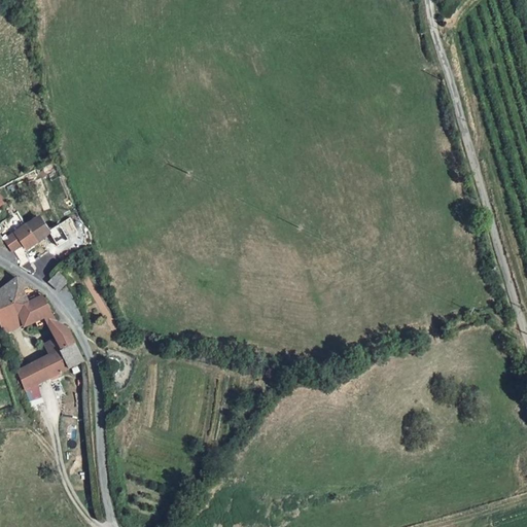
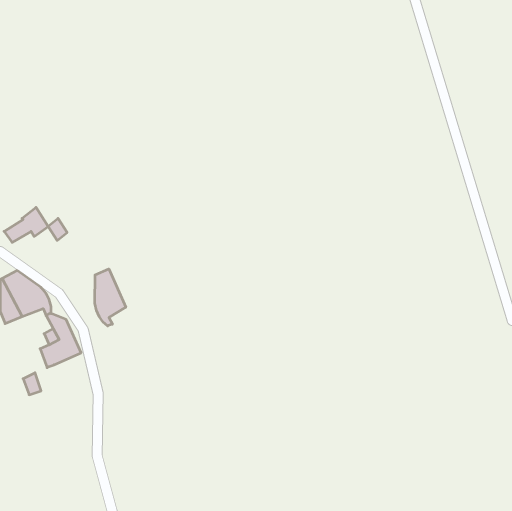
building: none -> [95,269,126,326]
building: [16,358,48,389] -> none

